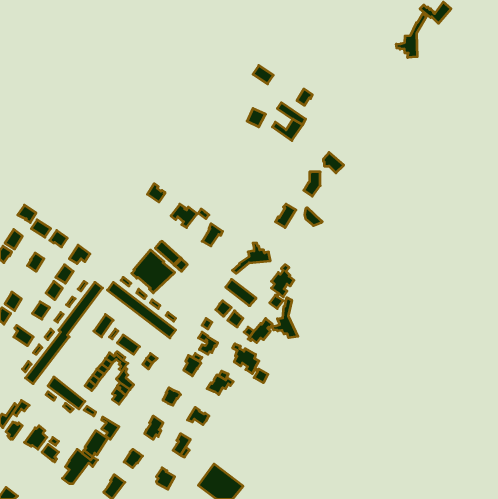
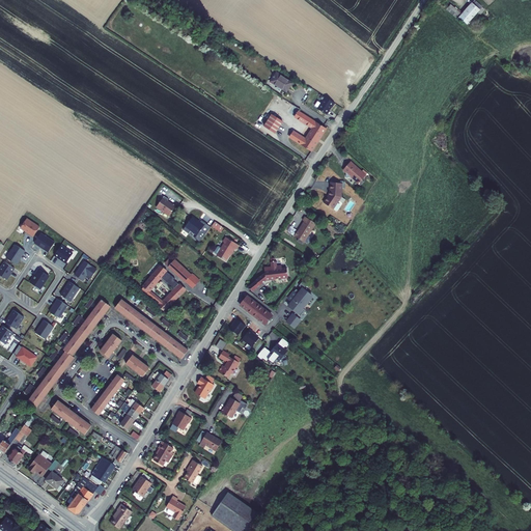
building: [396,13,426,58] -> none
building: [272,298,298,338] -> none
building: [233,344,268,383] -> none

